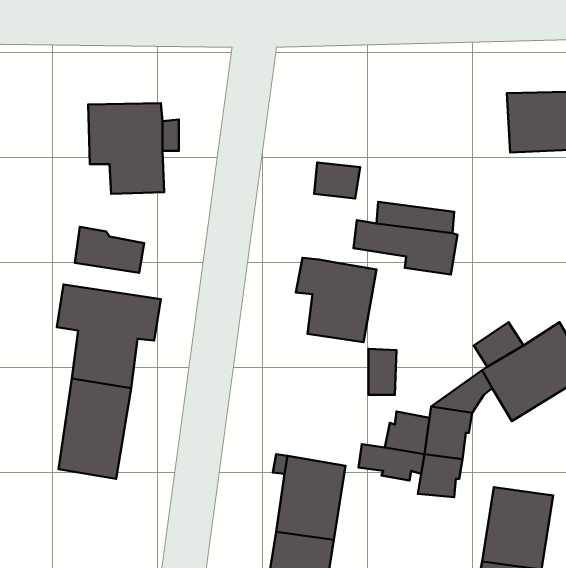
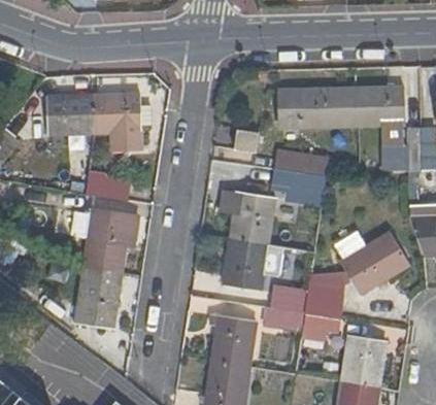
building: none -> [279,87,359,126]
building: none -> [47,94,96,132]
building: none -> [224,237,267,289]

